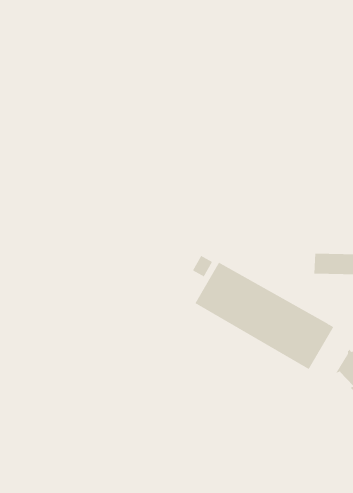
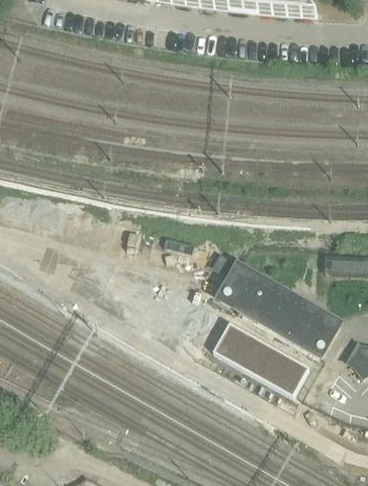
building: none -> [215,325,308,396]

